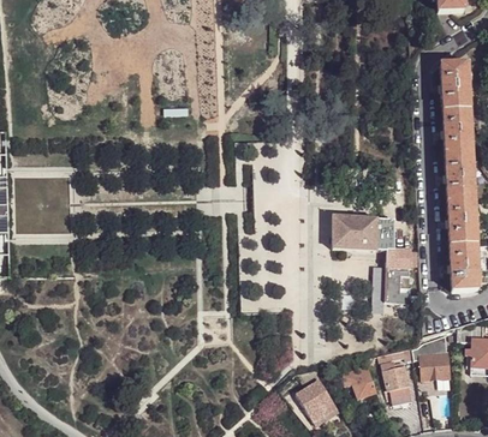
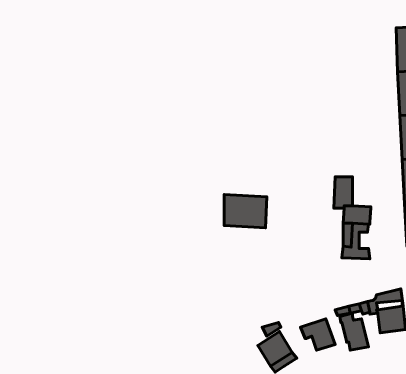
building: [333,214,377,249] -> [224,194,267,228]

